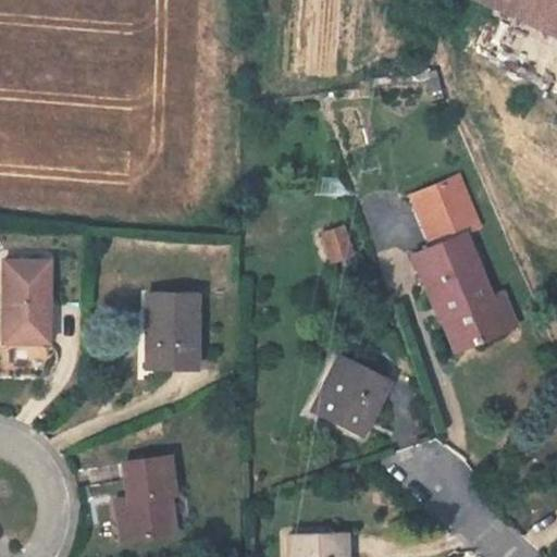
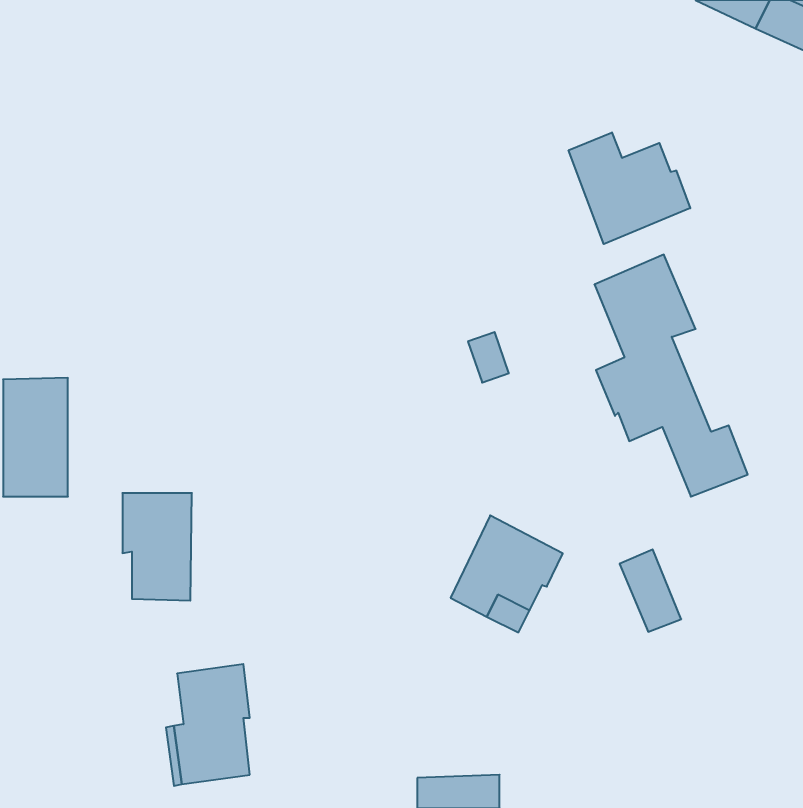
building: none -> [569,132,690,244]
building: [436,294,479,350] -> [620,549,681,632]
building: [149,295,197,369] -> [122,493,192,601]

